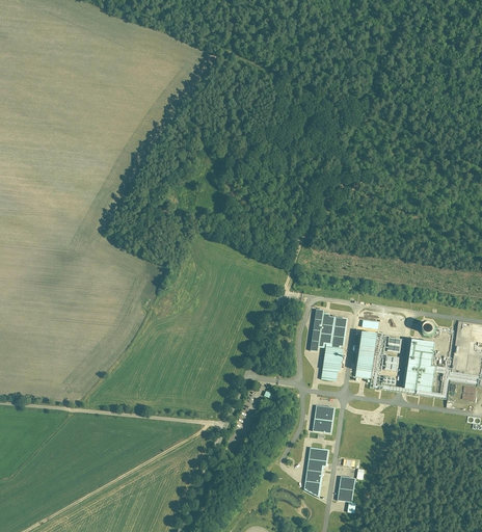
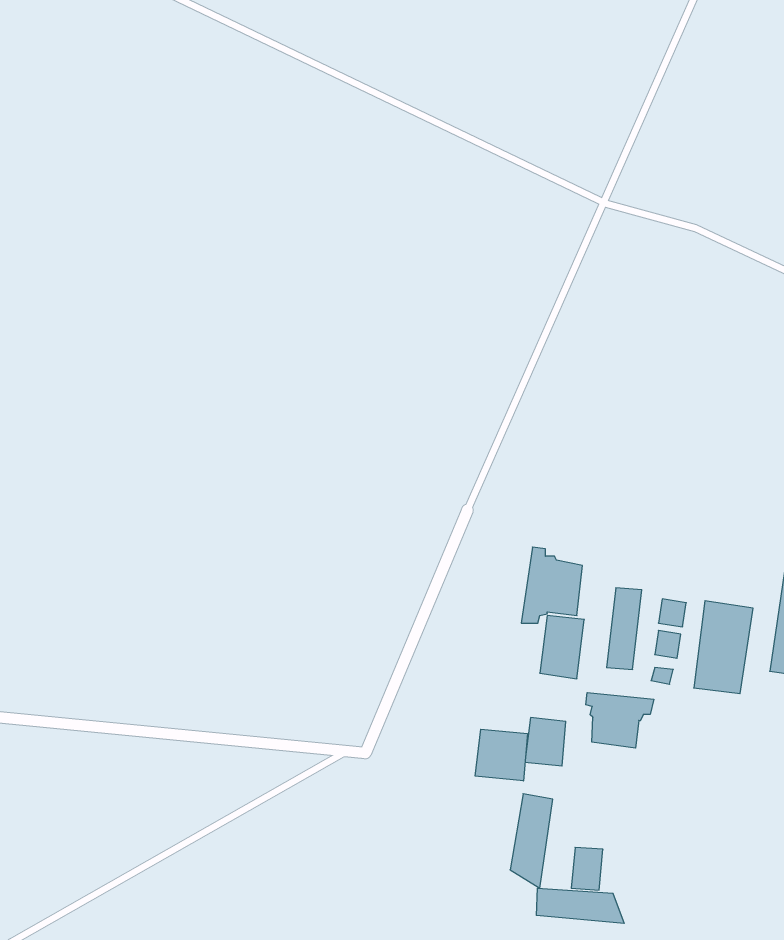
building: none -> [586,693,654,748]
building: none -> [475,729,527,781]
building: none -> [536,888,624,923]

